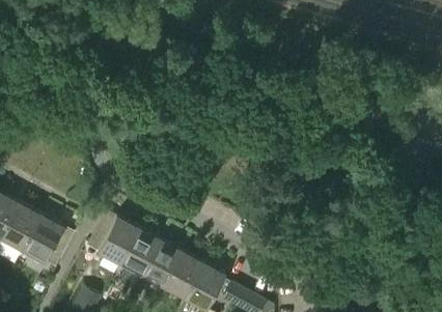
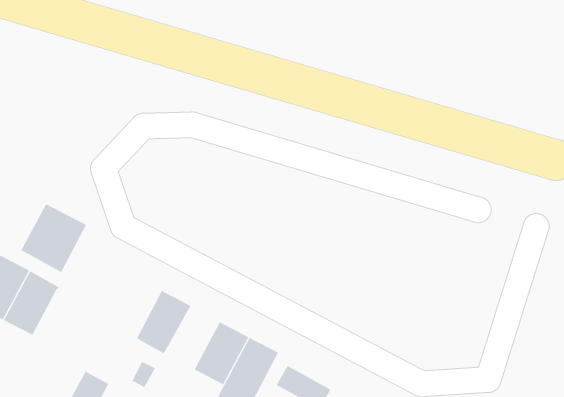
building: [91,215,140,265] -> [20,204,87,273]
building: [142,242,183,288] -> none

